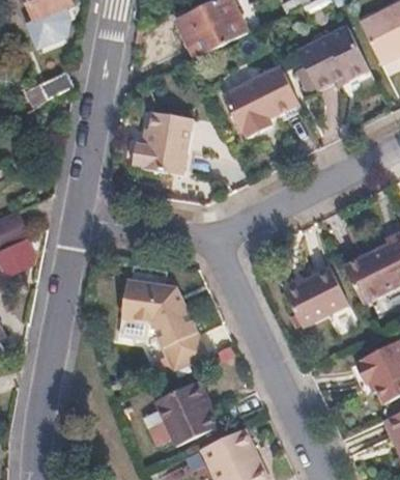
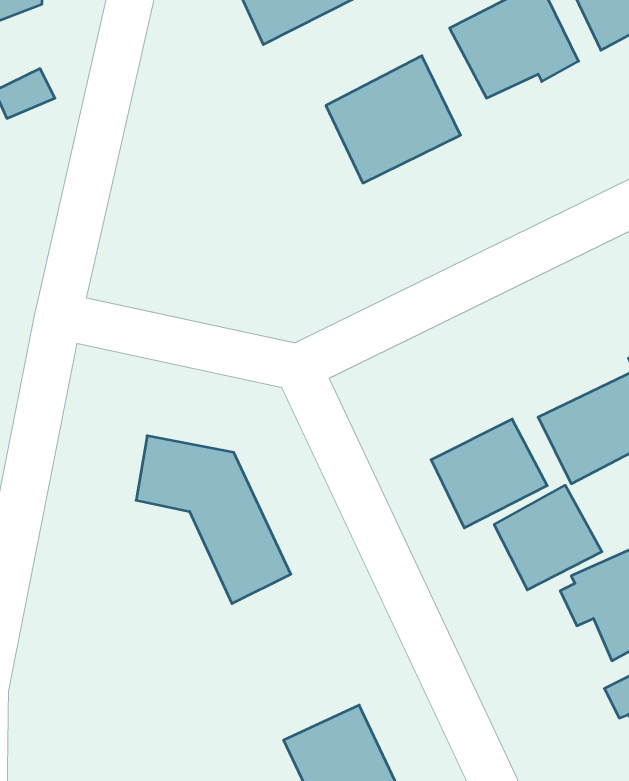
building: [131,109,194,175] -> none
building: none -> [494,485,602,590]
building: [154,380,217,447] -> none

